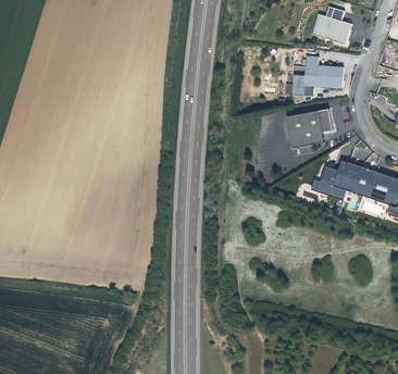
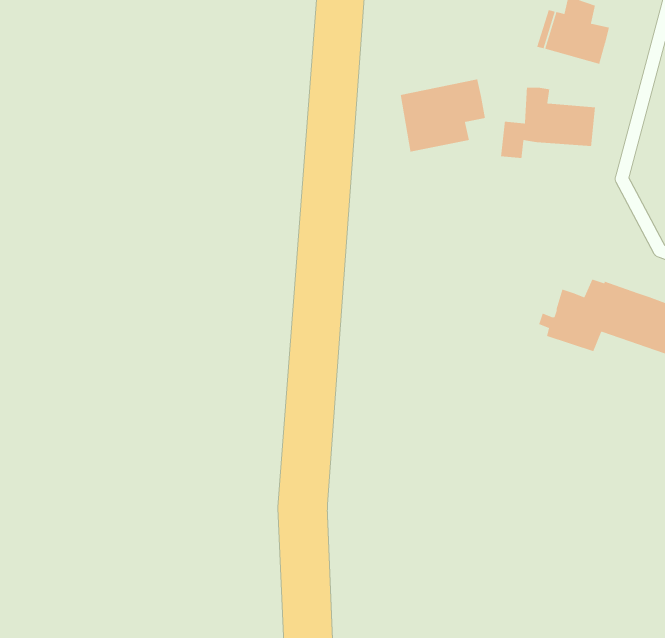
building: [287,108,334,148] -> [400,79,486,152]

